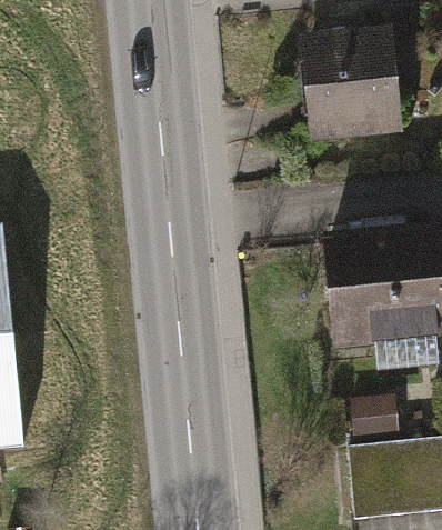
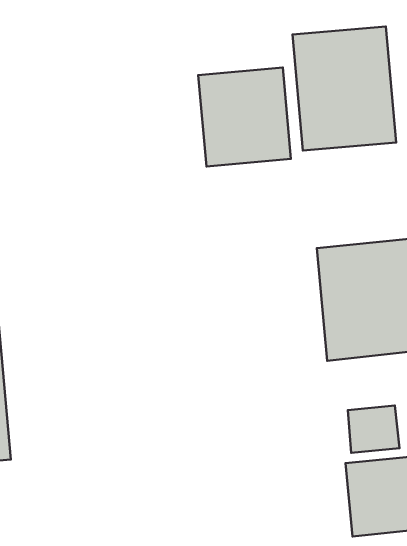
building: none -> [198,67,291,166]

